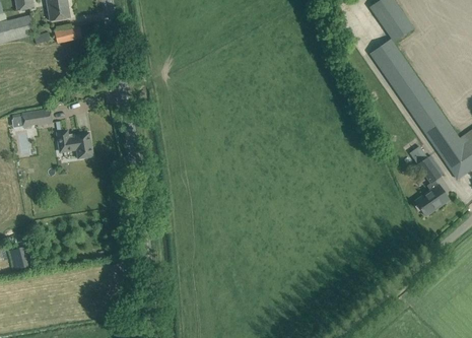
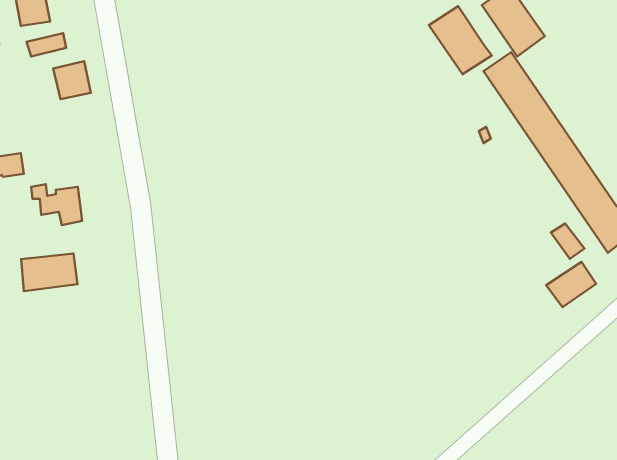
building: none -> [429,6,492,74]
building: none -> [53,61,91,99]
building: none -> [21,253,77,291]

